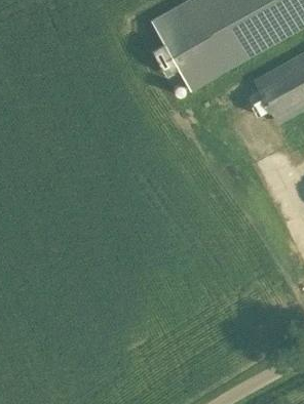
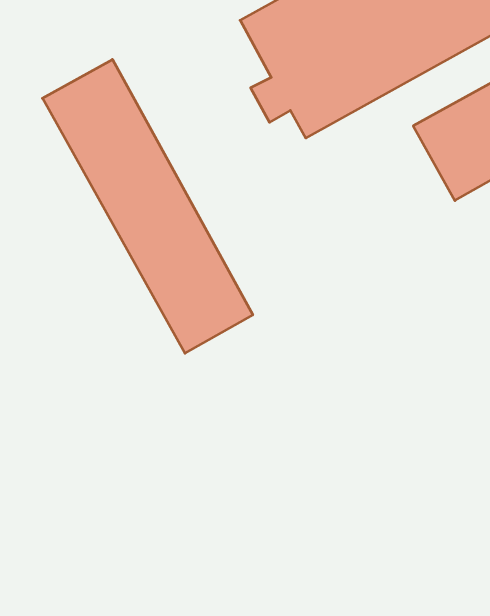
building: none -> [42,59,253,353]

